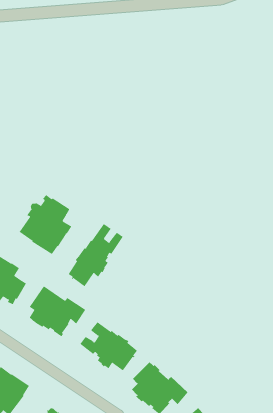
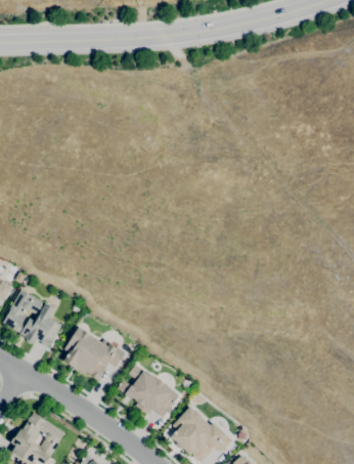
building: [19,194,72,255] -> none
building: [68,223,123,287] -> none

